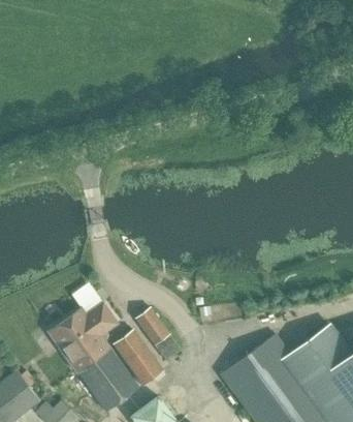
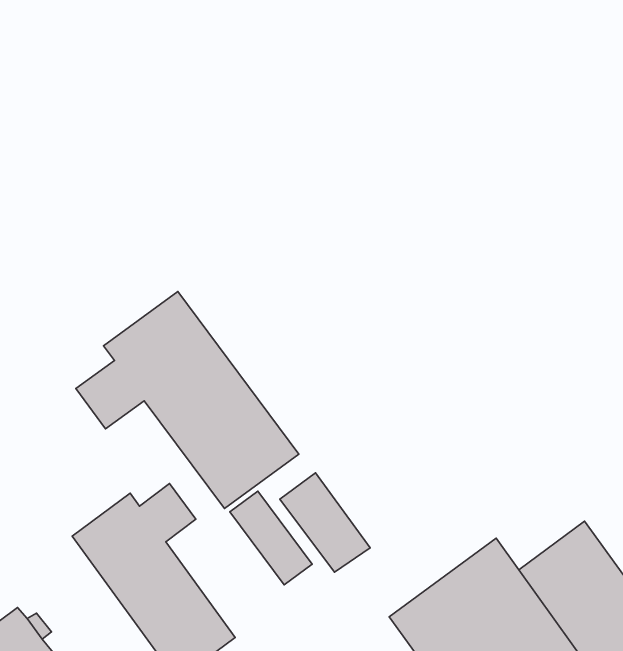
building: none -> [76,292,299,508]
building: [113,329,162,384] -> [280,473,370,572]

